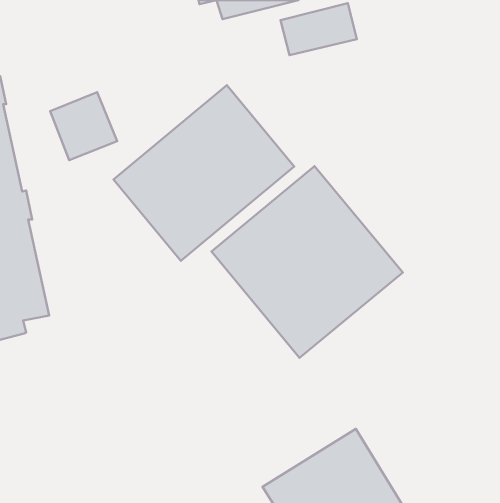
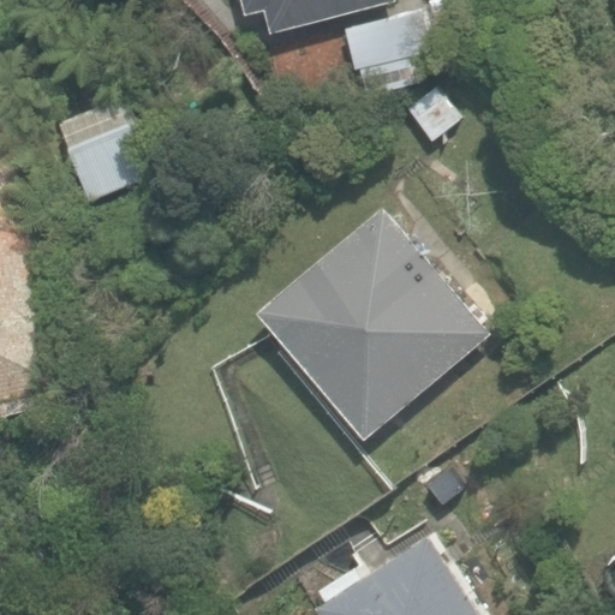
building: [113,85,294,261] -> none

